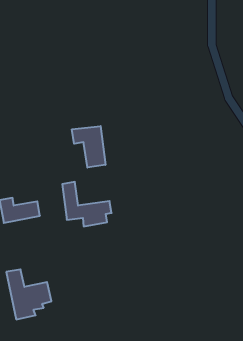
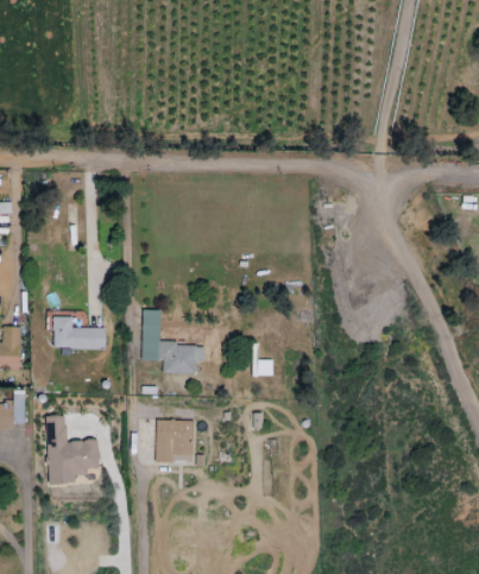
building: [72,126,105,168] -> none
building: none -> [156,418,195,461]

